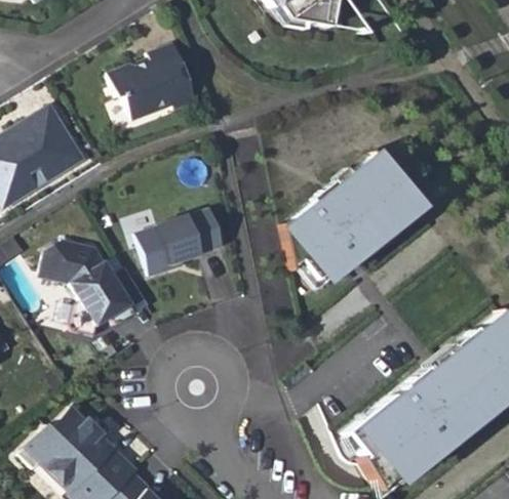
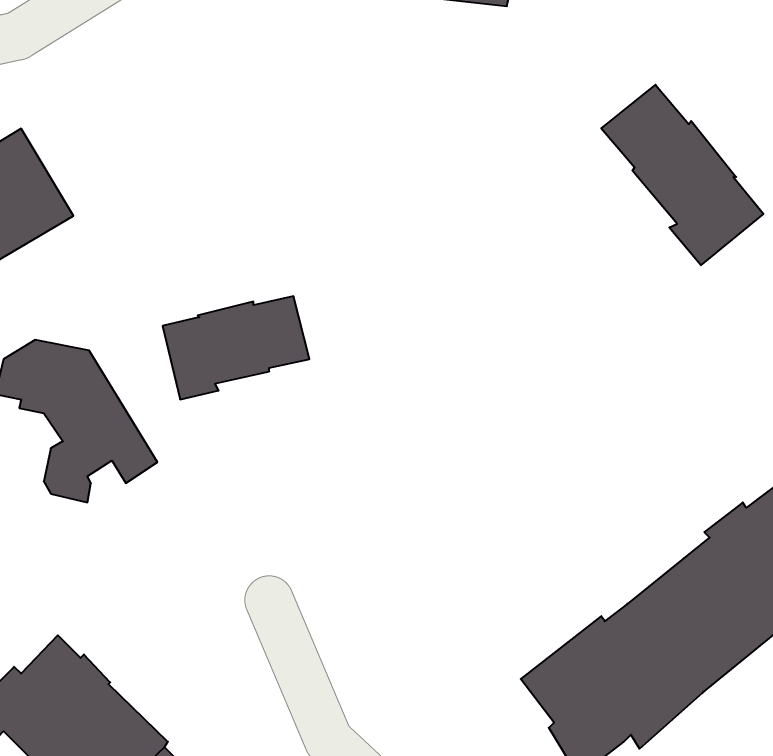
building: [109,41,198,115] -> none
building: none -> [601,85,763,265]
building: [286,158,417,282] -> none

